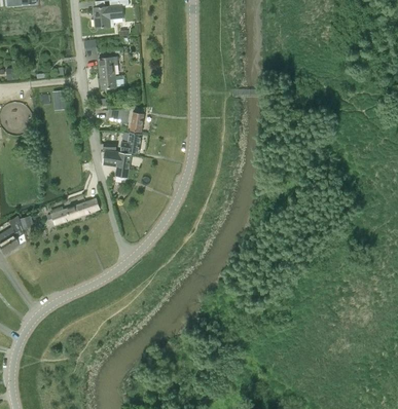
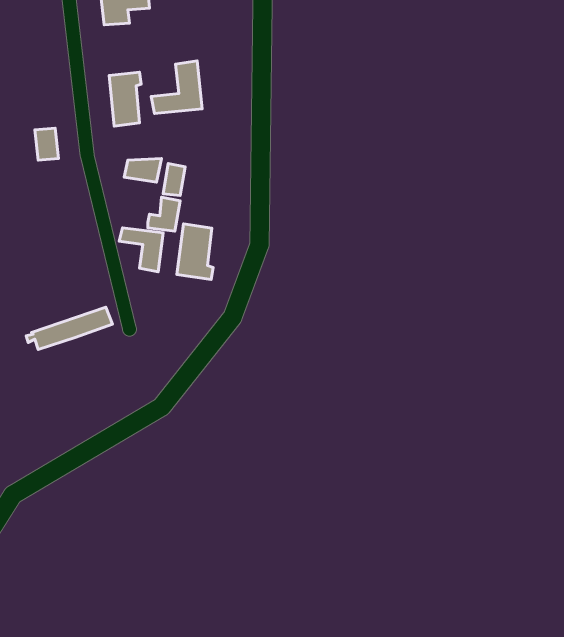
building: none -> [151,61,202,113]
building: none -> [177,224,213,279]

